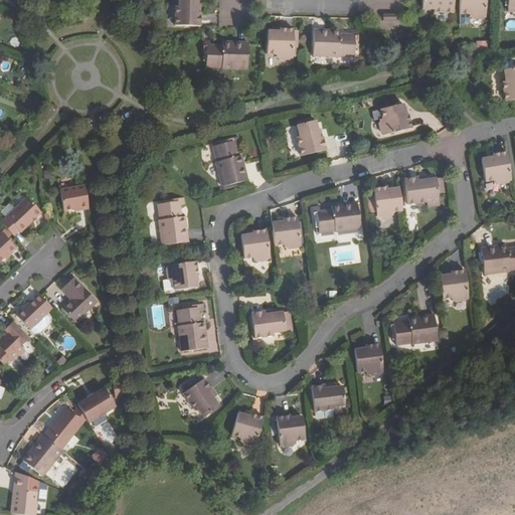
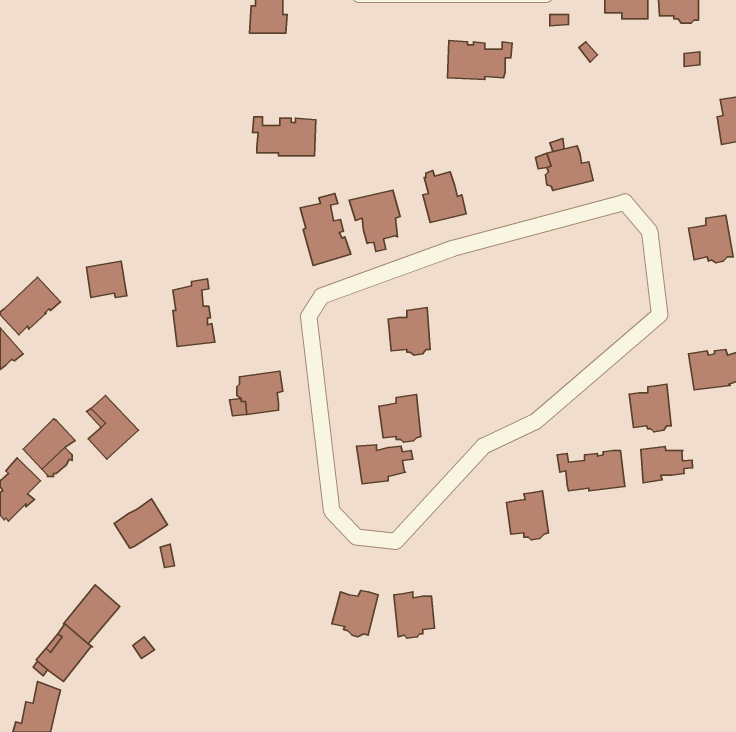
building: [267,28,298,59] -> none
building: [204,39,248,66] -> [252,117,316,156]
building: none -> [349,190,400,251]
building: [404,176,443,209] -> none
building: [373,187,402,218] -> none
building: [157,196,186,243] -> [173,279,215,347]
building: [312,200,358,231] -> none
building: [240,226,270,260] -> [379,395,421,442]
building: [177,302,206,350] -> none
building: none -> [641,447,692,483]
building: [180,376,217,416] -> none
building: [311,384,344,411] -> none
building: [77,387,115,421] -> [114,499,167,548]

